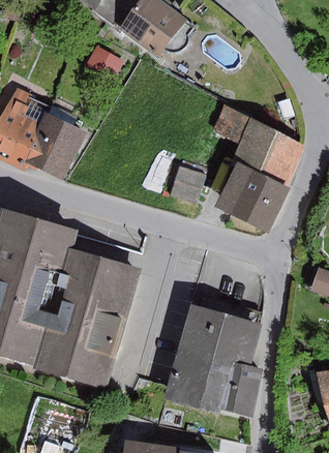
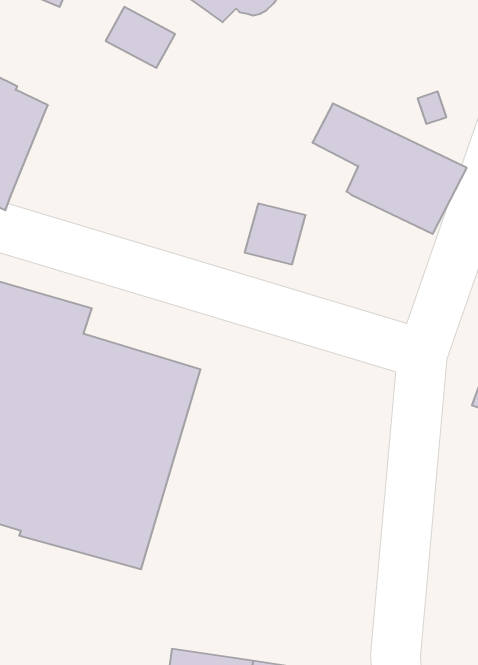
building: [27,113,86,178] -> none
building: [214,160,290,230] -> none
building: [165,303,263,416] -> none

